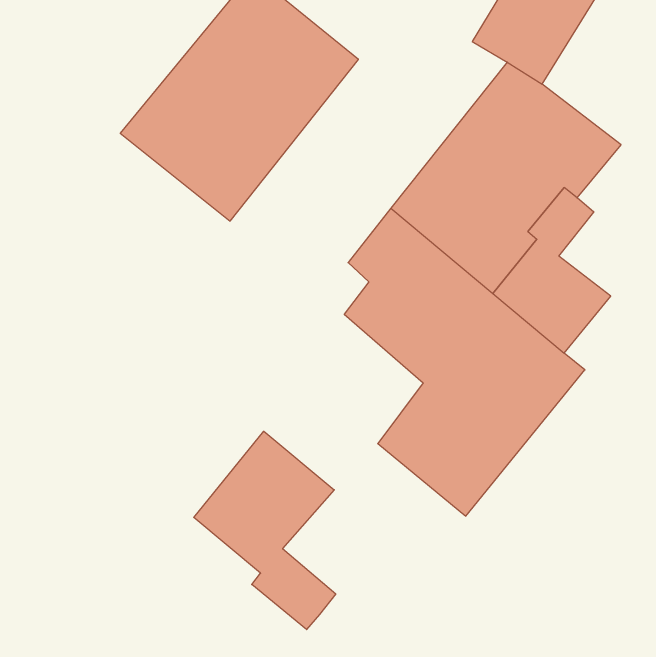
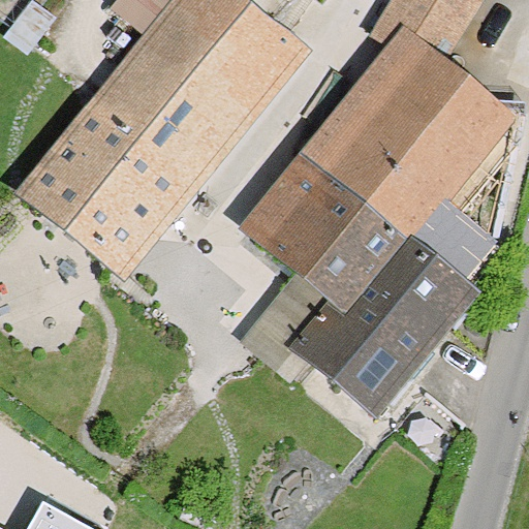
building: none -> [28,106,184,264]
building: [194,431,336,630] -> none

